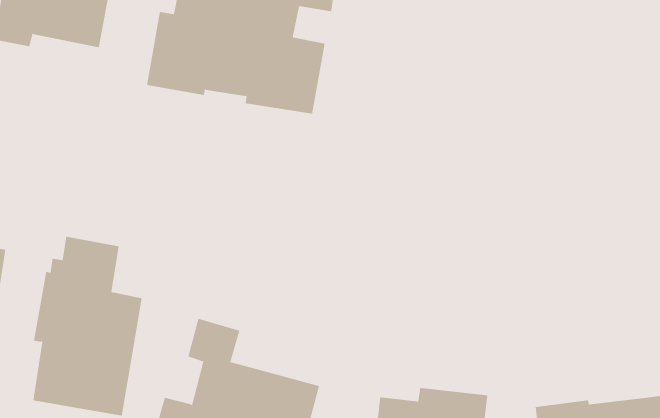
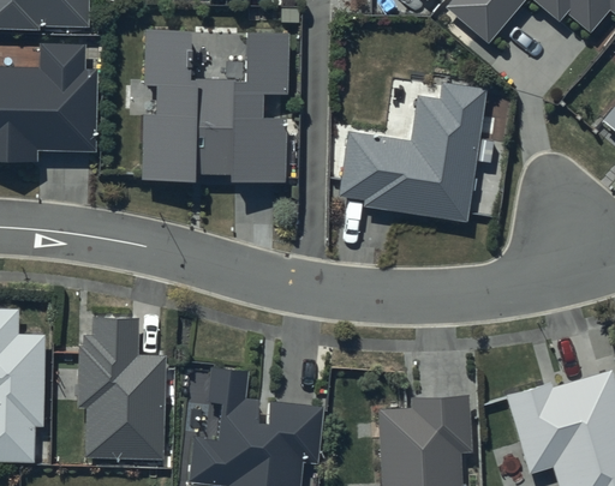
building: none -> [339,83,486,222]

